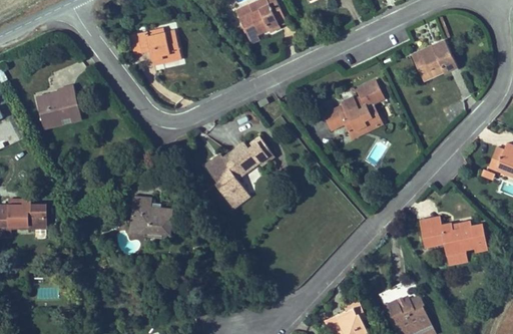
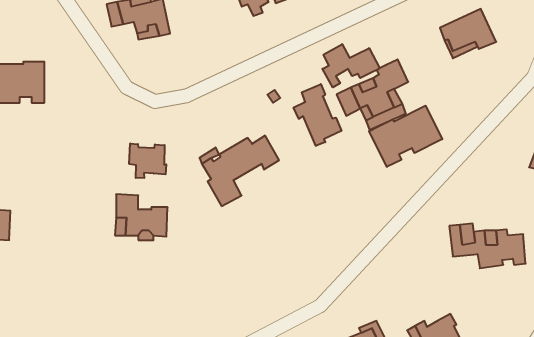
building: none -> [322,44,380,87]
building: none -> [294,84,341,146]
building: none -> [369,106,442,167]
building: none -> [129,143,166,178]

